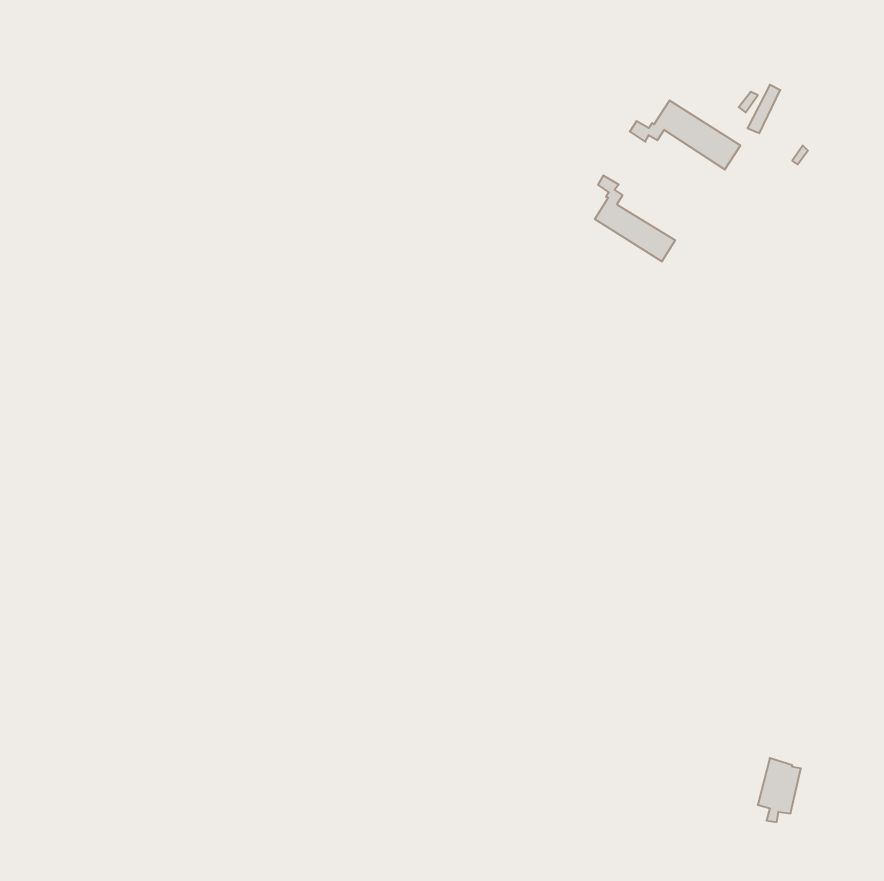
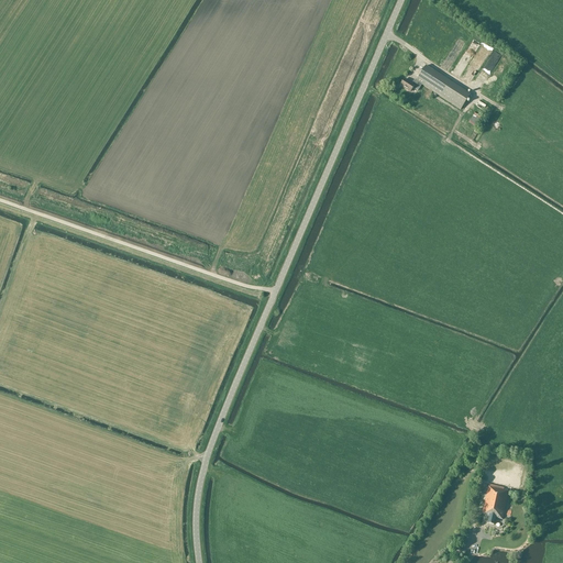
building: [595,175,675,262] -> none

